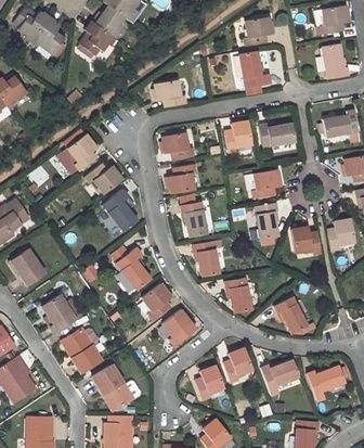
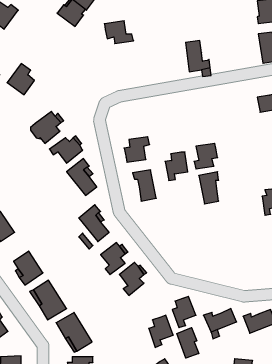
building: [243,16,271,46] -> none
building: [31,18,63,54] -> [7,64,34,95]
building: [80,22,113,55] -> none
building: [155,81,188,107] -> [104,21,134,44]
building: [225,120,251,153] -> [165,152,188,180]
building: [256,124,292,146] -> none
building: [162,133,195,159] -> none
building: [290,229,318,257] -> none
building: [192,242,218,277] -> none
building: [226,277,253,313] -> none
building: [276,296,309,332] -> none
building: none -> [177,328,199,358]

